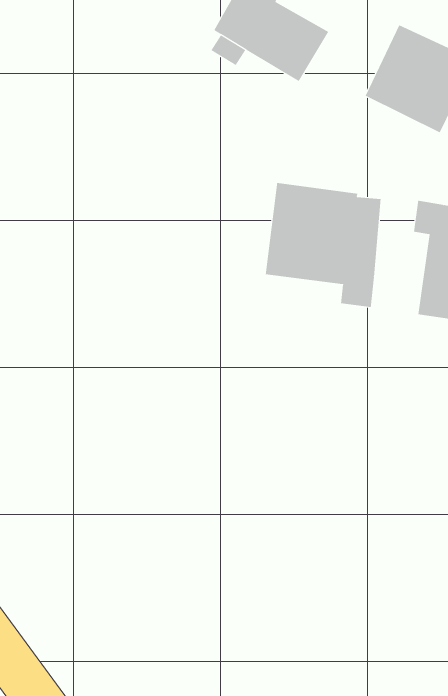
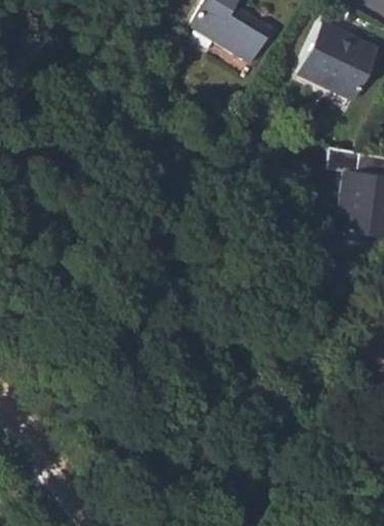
building: [265,182,381,308] -> none

